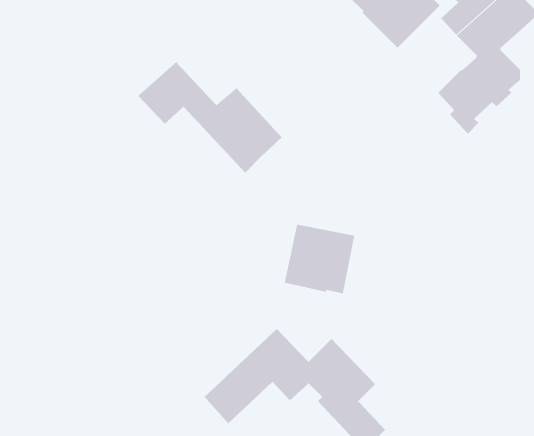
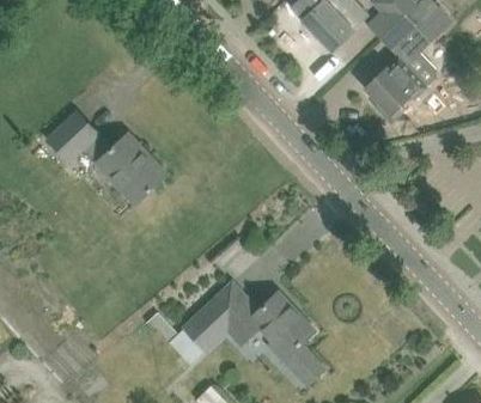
building: [137,62,282,173] -> [45,111,166,204]
building: [284,224,355,294] -> none

